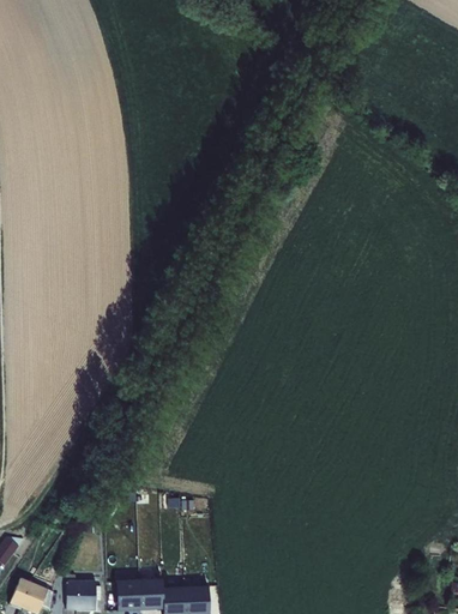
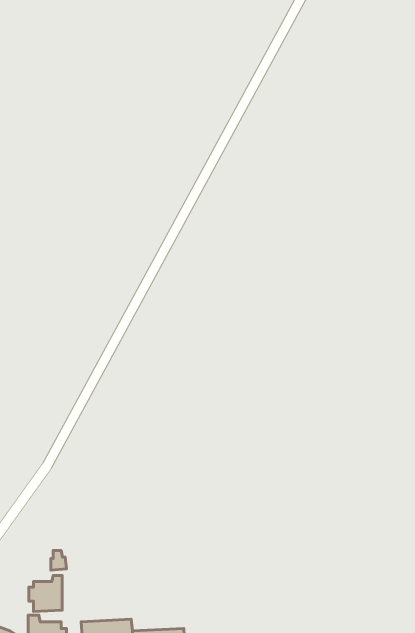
building: none -> [29,576,62,611]

